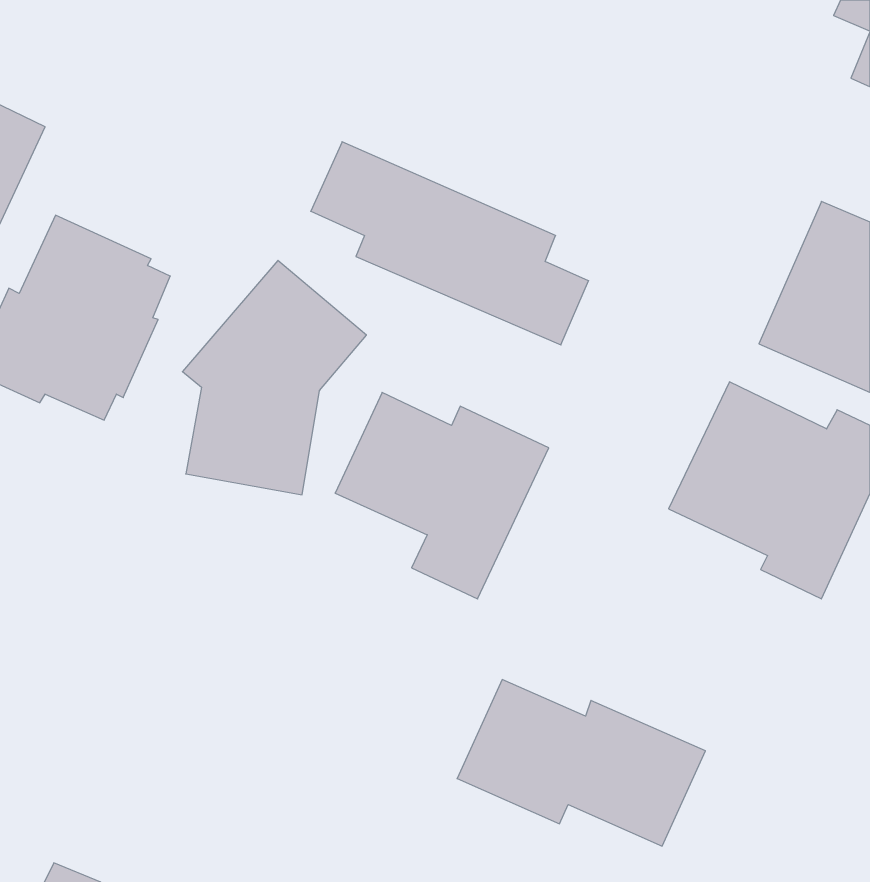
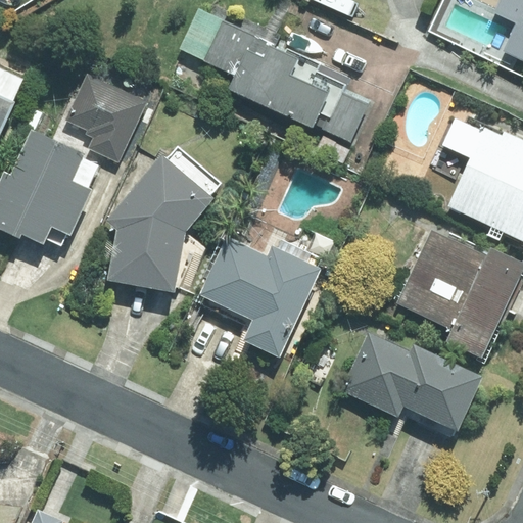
building: none -> [61,76,145,164]
building: [311,142,589,345] -> [201,20,365,140]
building: [457,680,705,846] -> [338,331,484,429]

